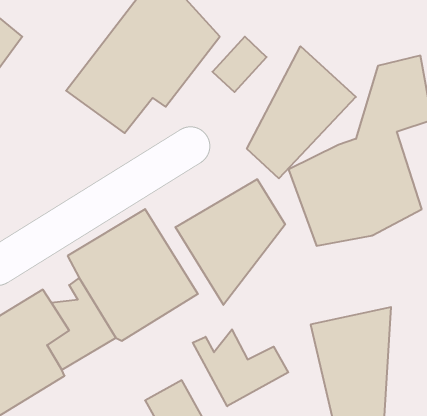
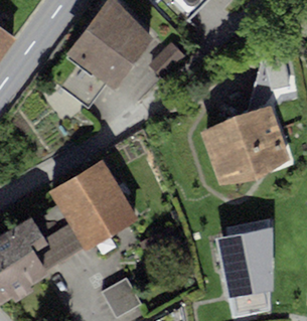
building: [247,46,356,178] -> none
building: [175,179,285,305] -> none
building: [193,329,288,406] -> none

